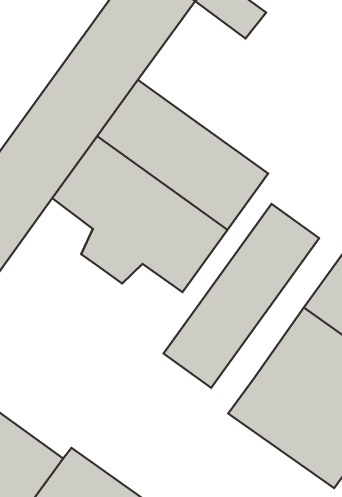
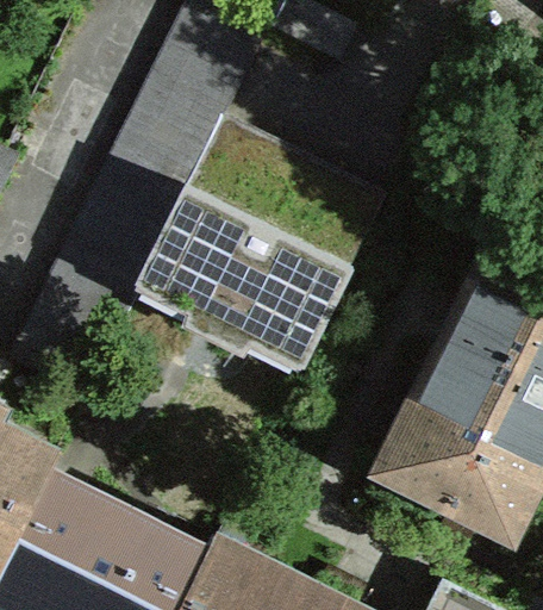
building: [163,204,319,388] -> none

